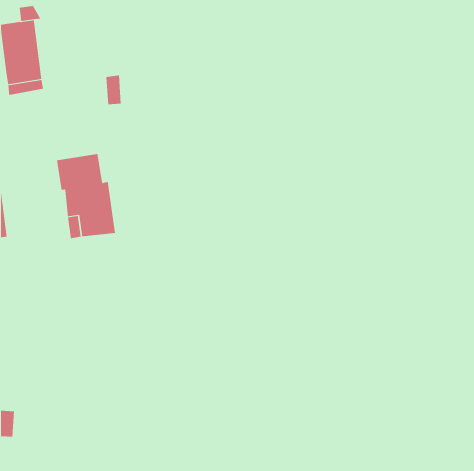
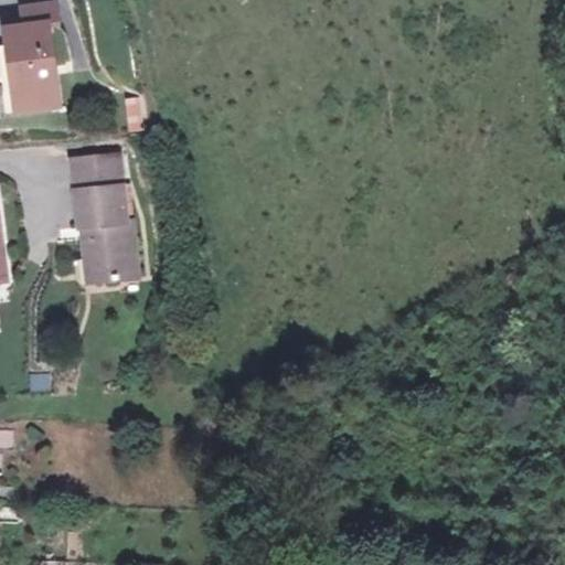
building: none -> [66,154,120,189]

